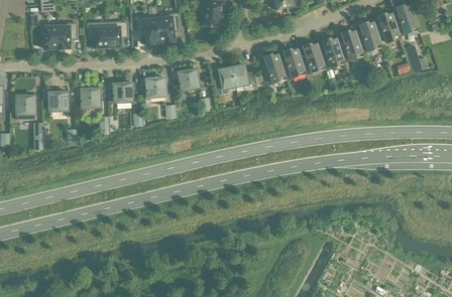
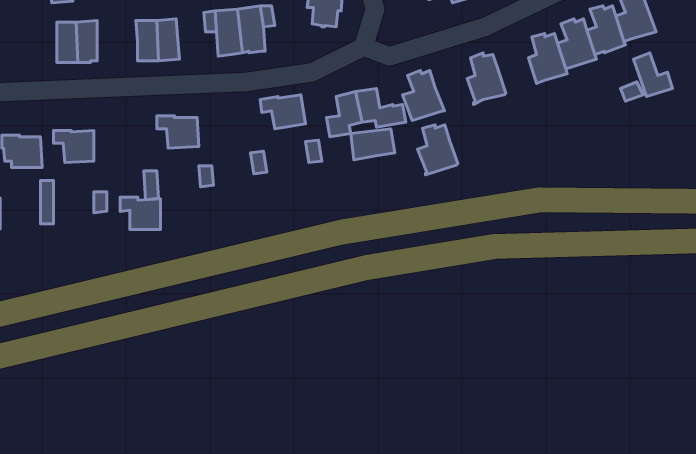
building: [319,37,343,68] -> none
building: [279,48,305,80] -> [417,125,458,175]
building: [138,77,165,98] -> none
building: [74,87,99,107] -> [120,197,161,229]
building: none -> [351,129,395,160]

